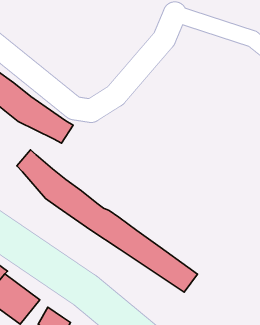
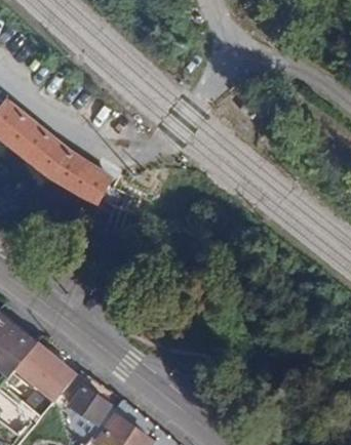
building: [17,150,198,292] -> none

